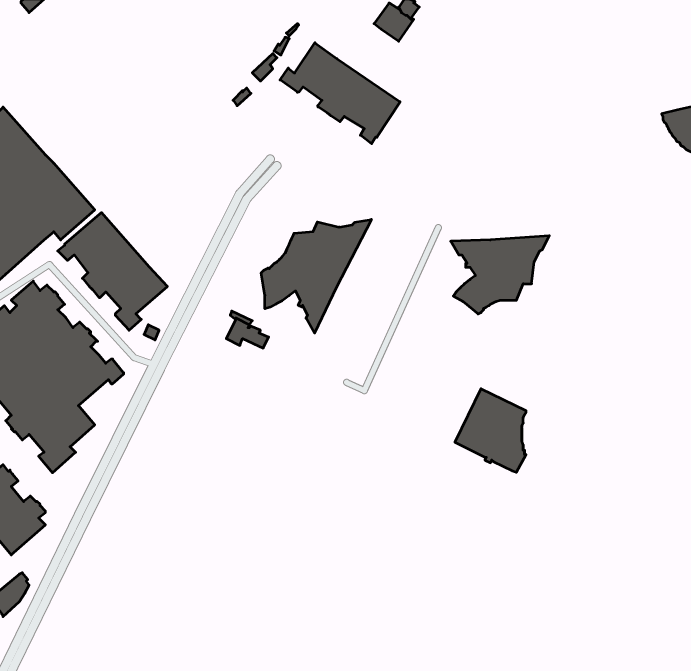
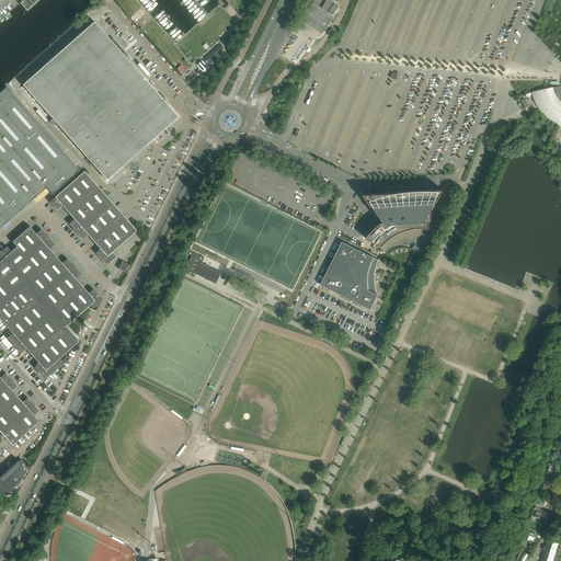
building: none -> [22,22,176,180]
building: [280,43,400,144] -> none
building: [261,219,371,333] -> none
building: [455,389,526,472] -> [320,242,377,309]

